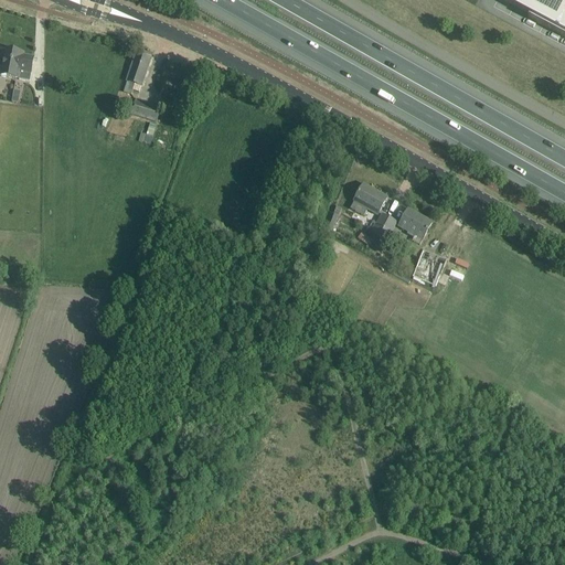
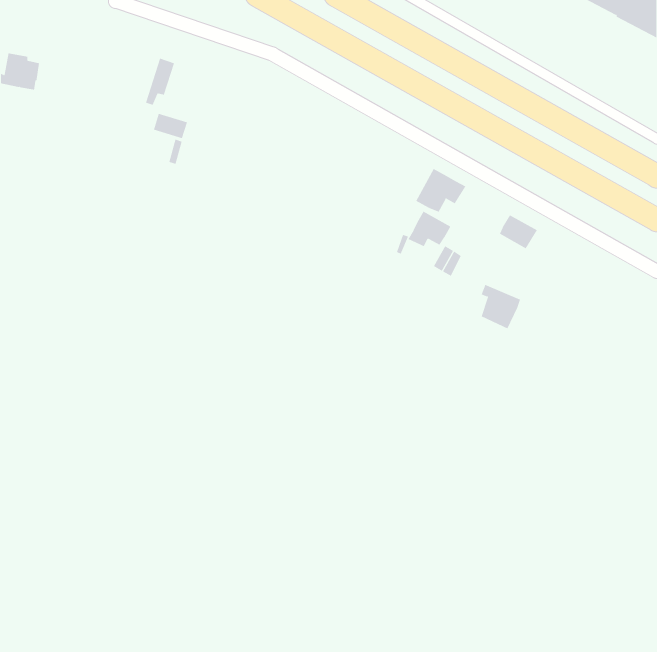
building: none -> [415,168,466,213]
building: [399,206,433,236] -> [499,215,538,249]

